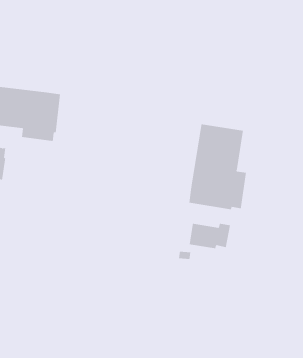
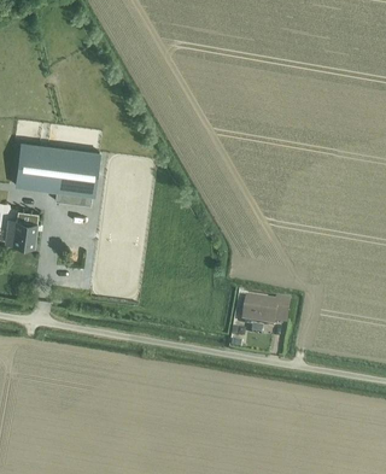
building: [189,123,247,210] -> none

